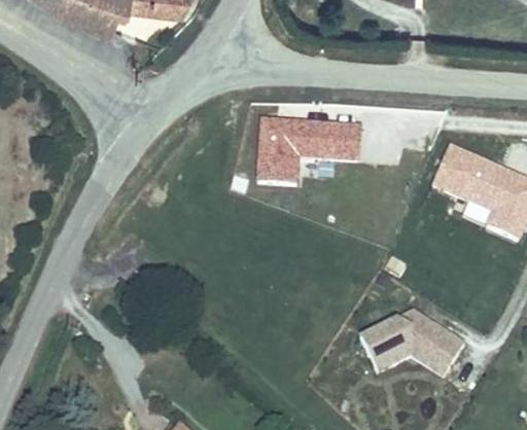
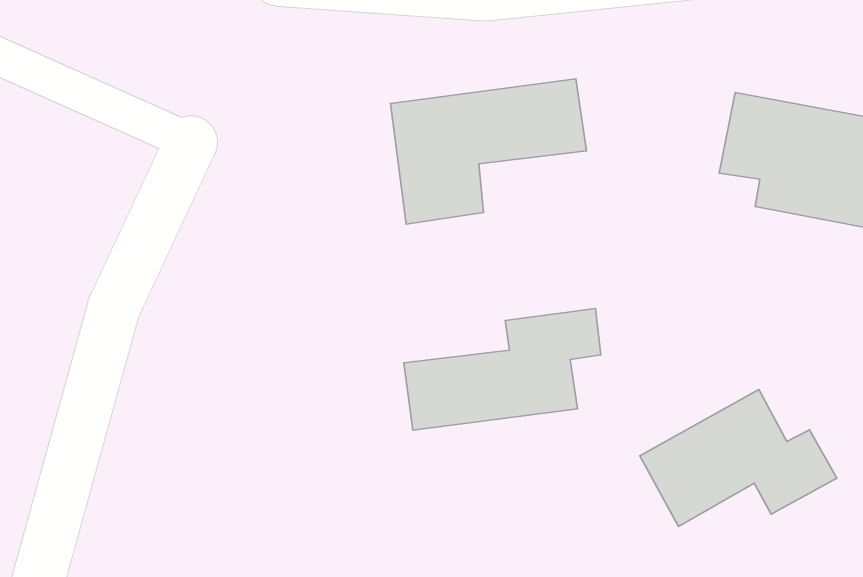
building: none -> [404,308,601,430]

